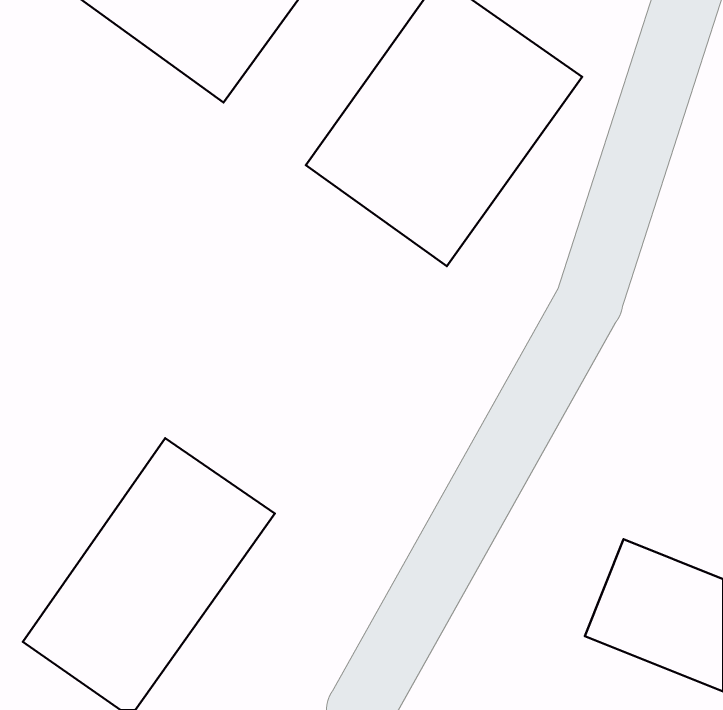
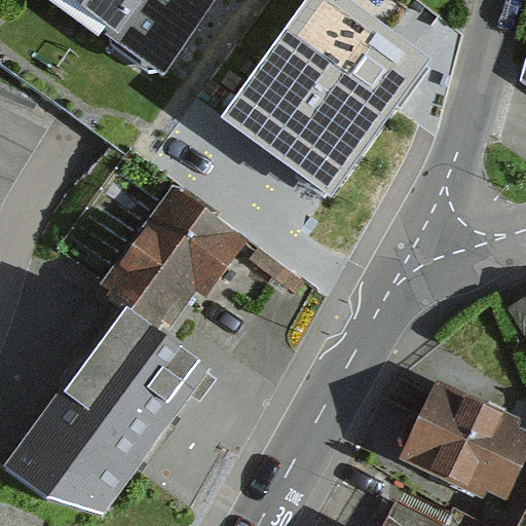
building: none -> [111,186,237,317]

